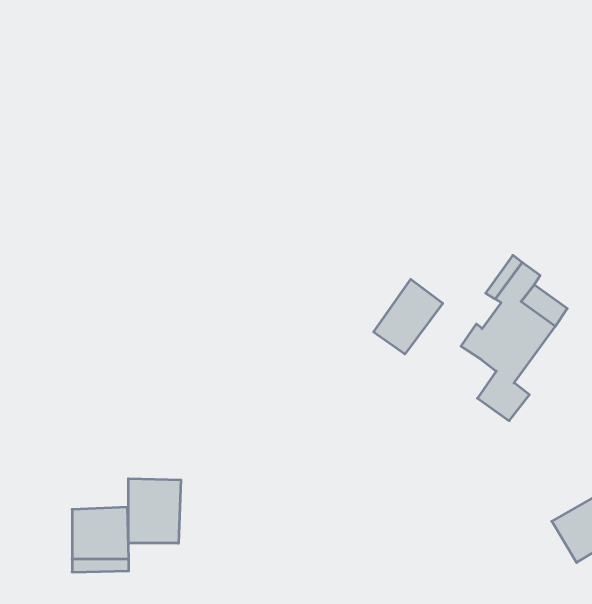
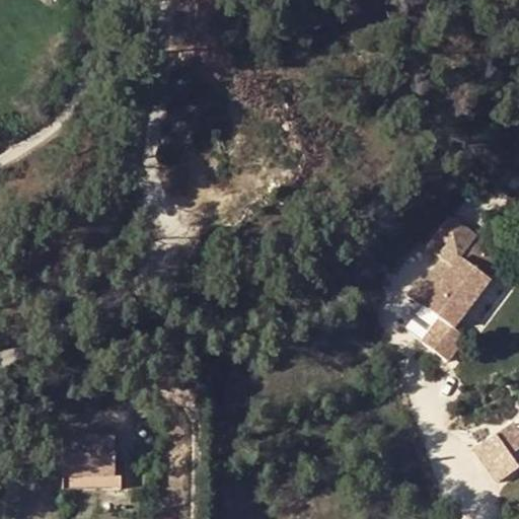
building: [374,279,443,354] -> none
building: [128,479,181,543] -> none

